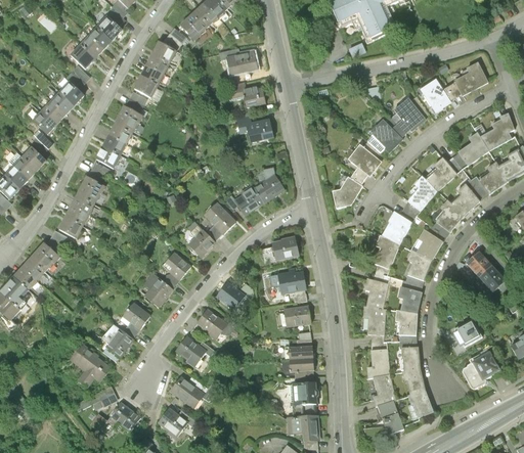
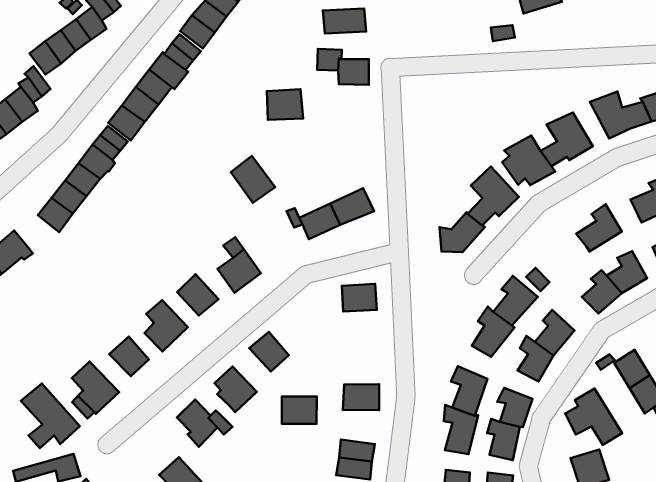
building: [248,117,275,141] -> [267,89,303,120]
building: [409,174,434,209] -> none
building: [206,200,237,232] -> [231,156,275,203]
building: [280,270,307,292] -> [282,397,317,424]
building: none -> [565,389,622,445]

